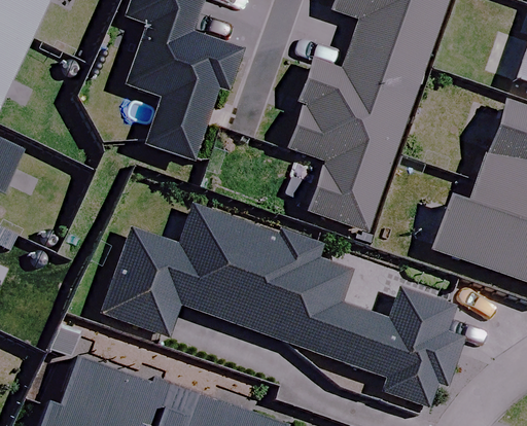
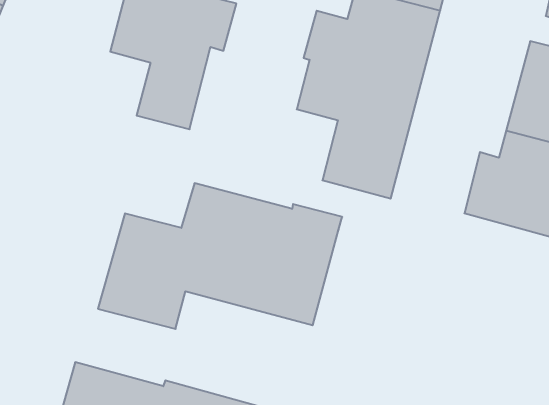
building: [291,256,463,406] -> none

